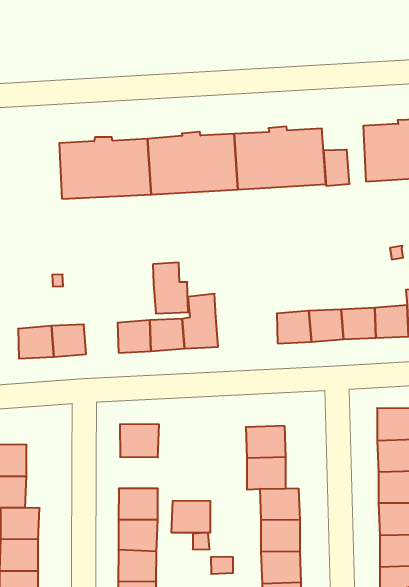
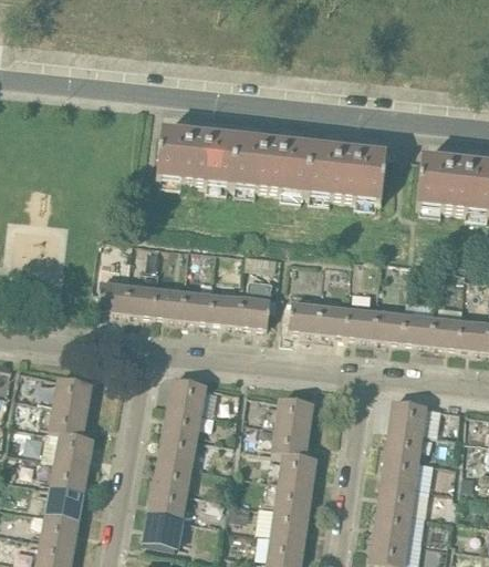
building: [324,149,349,186] -> none
building: [153,263,188,313] -> [155,270,186,316]
building: none -> [290,301,322,330]
building: [171,501,211,533] -> [164,404,201,436]

